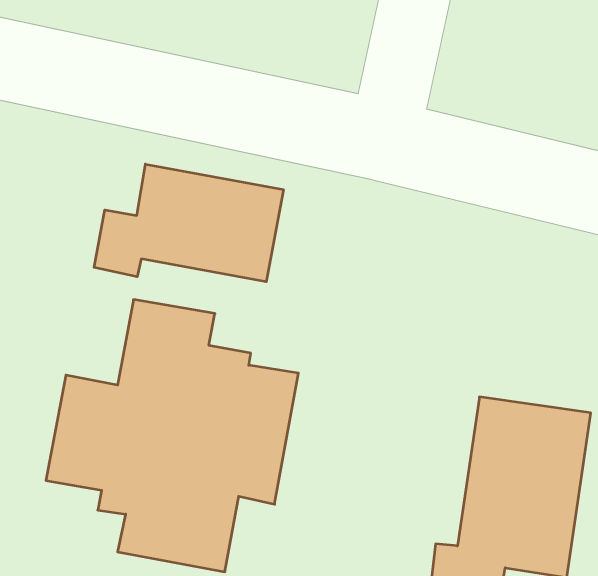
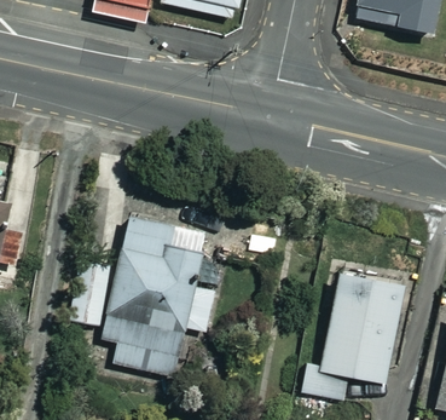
building: [94,164,283,282] -> none

